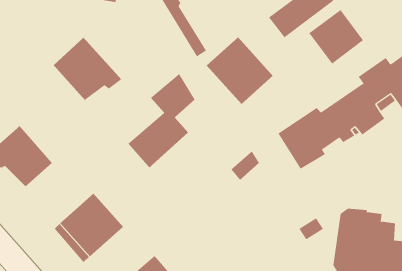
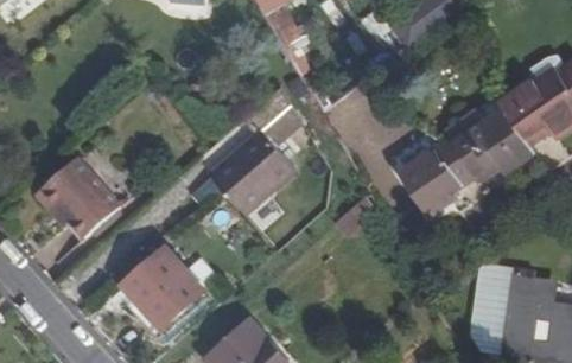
building: [309,9,364,64] -> none
building: [206,37,274,105] -> none
building: [53,37,122,101] -> none

